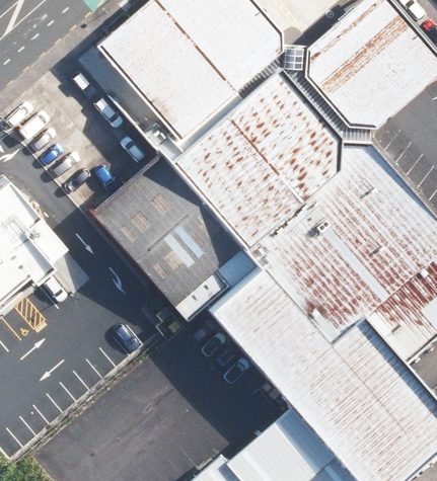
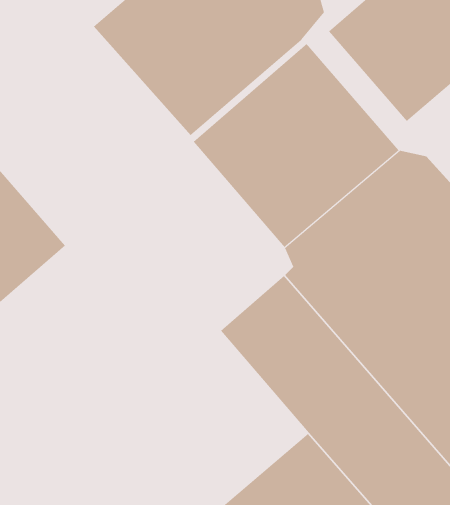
building: [95,153,256,323] -> none

